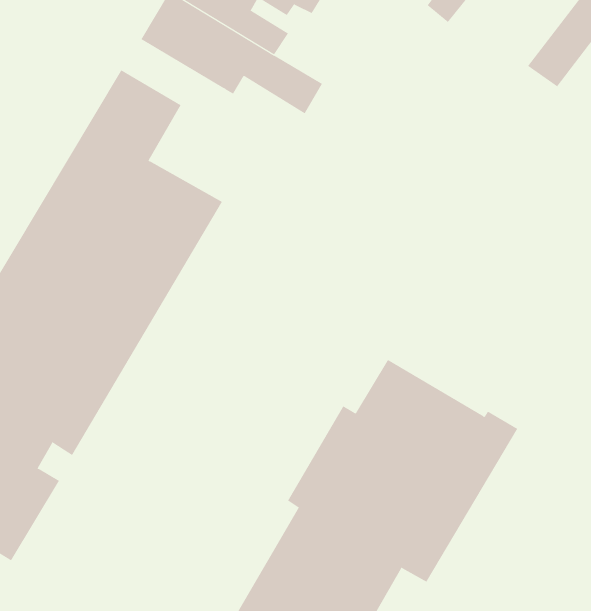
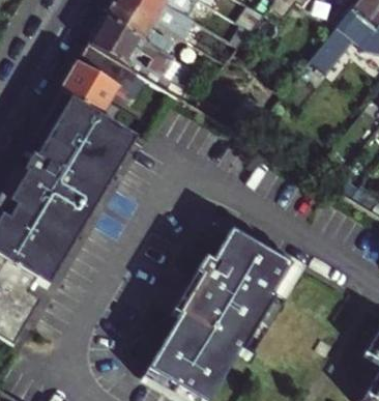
building: none -> [77,45,137,91]

